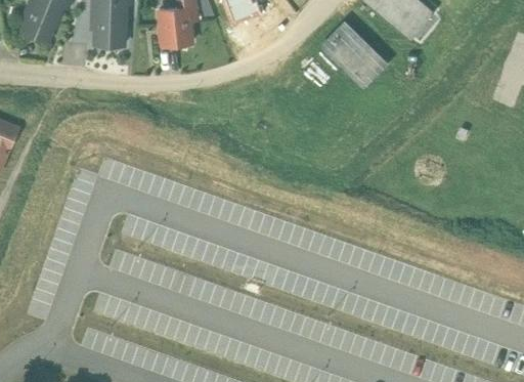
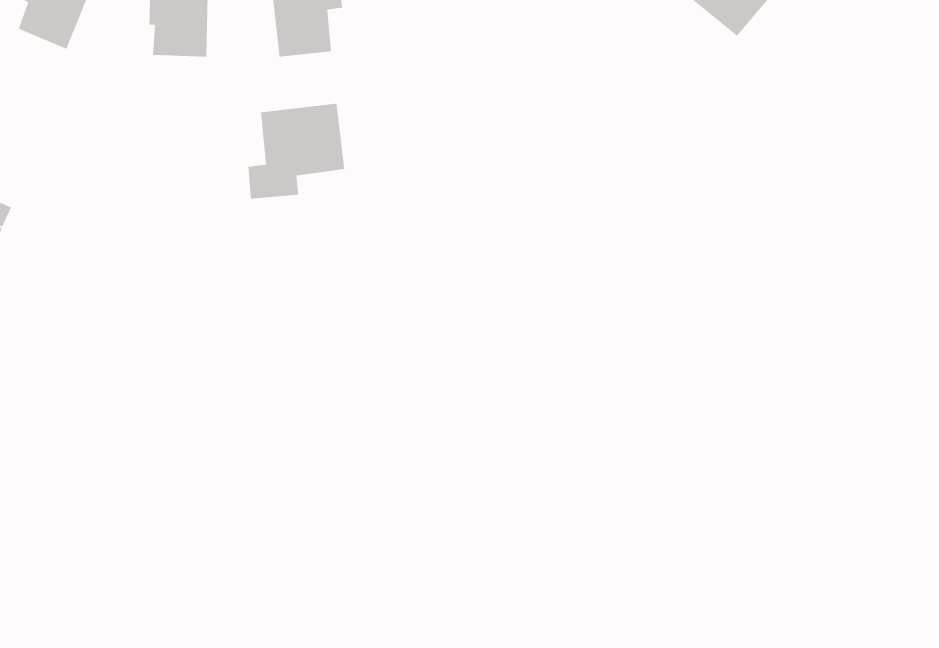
building: [320,24,383,86] -> none
building: none -> [247,103,345,200]

